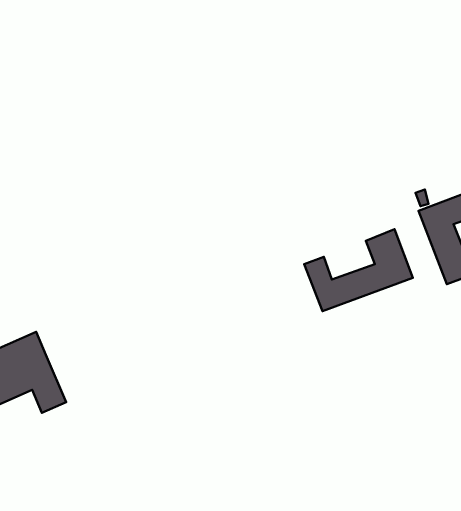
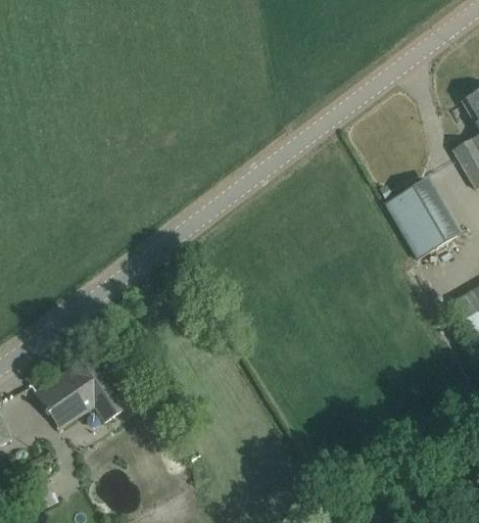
building: [304,229,413,311] -> none

